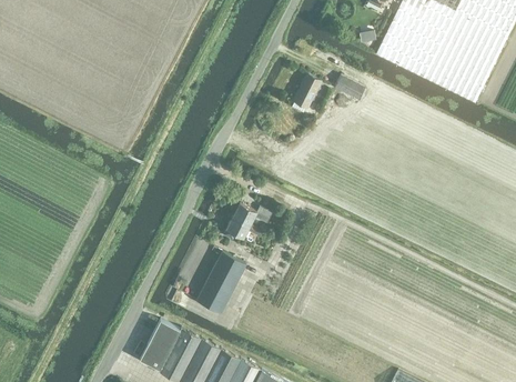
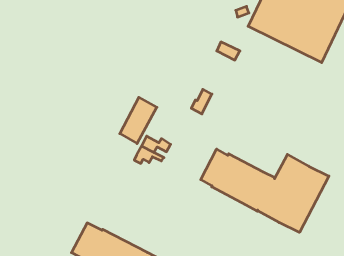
building: [293,76,321,109] -> [191,89,212,114]
building: none -> [201,149,329,232]
building: [196,252,246,314] -> [120,97,157,144]

